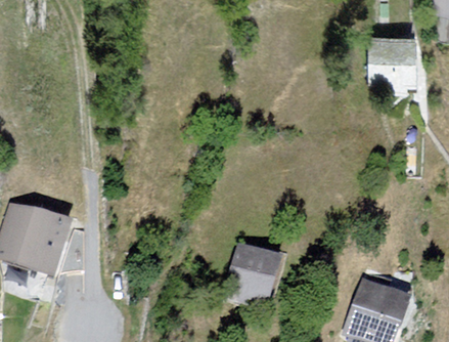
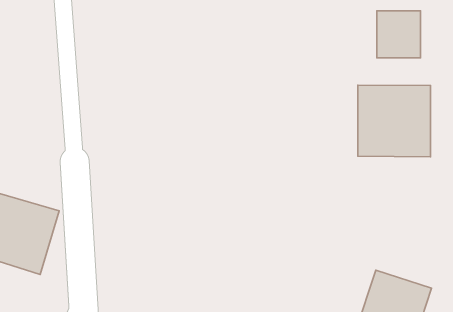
building: none -> [358,85,431,157]
building: [222,243,281,299] -> none

